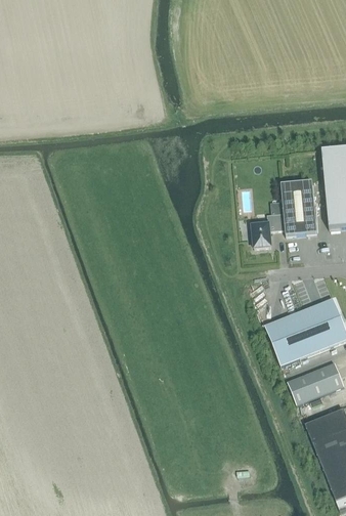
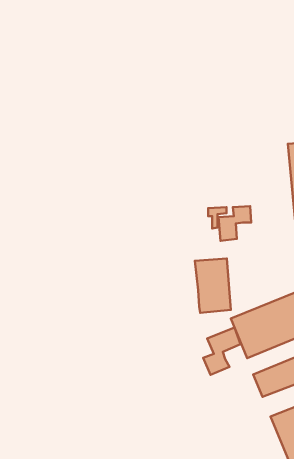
building: [280,180,316,234] -> [195,259,231,313]
building: none -> [203,328,240,375]

